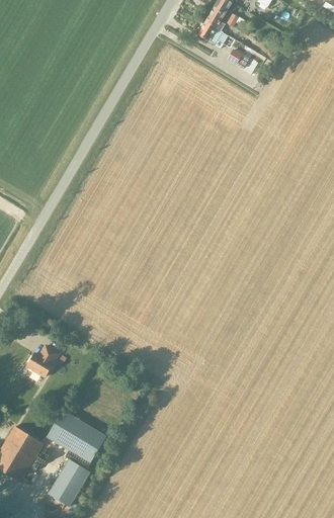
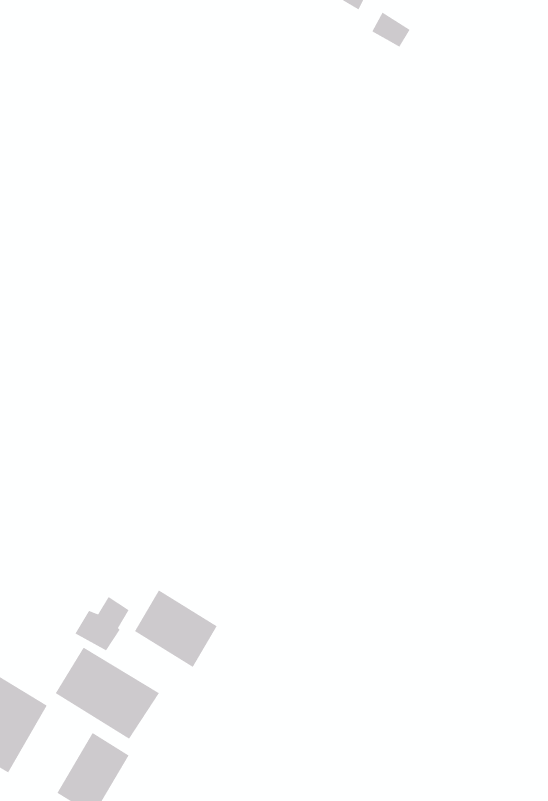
building: [27,345,59,376] -> [74,596,129,651]
building: none -> [134,590,218,668]

